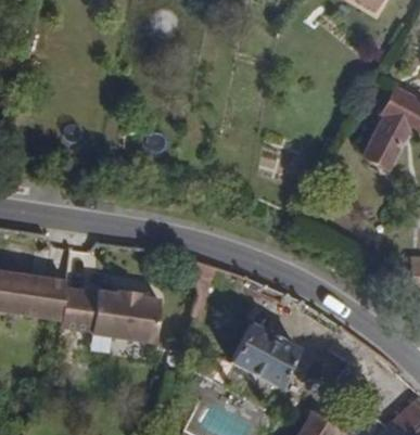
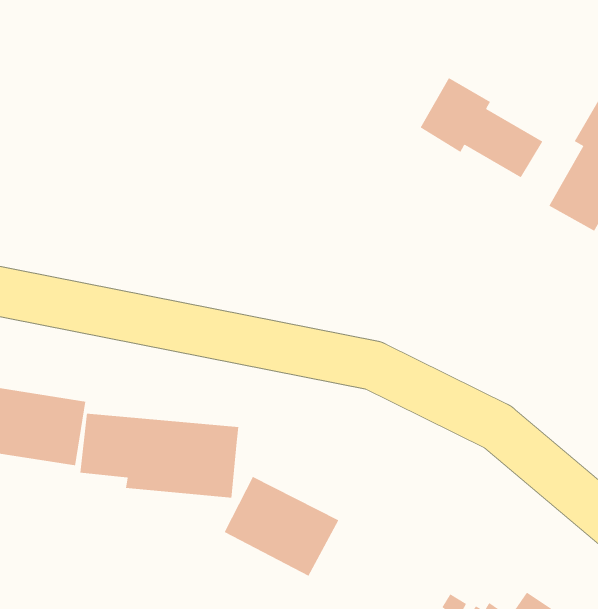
building: none -> [420,77,543,178]
building: [232,324,306,388] -> [224,476,339,576]

